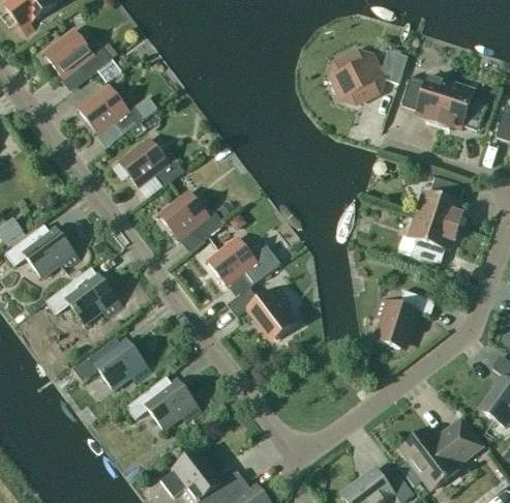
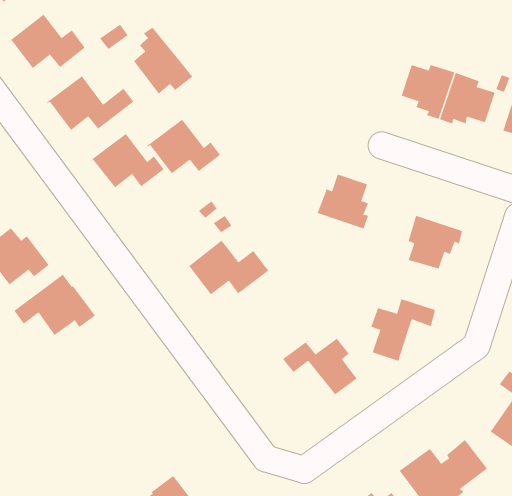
building: none -> [133,27,193,95]
building: [331,50,409,103] -> none
building: [416,177,463,228] -> [317,174,369,229]
building: [156,190,224,241] -> [147,119,221,174]
building: [228,285,297,337] -> [282,338,358,395]
building: [73,336,151,389] -> none
building: [126,377,202,430] -> none

